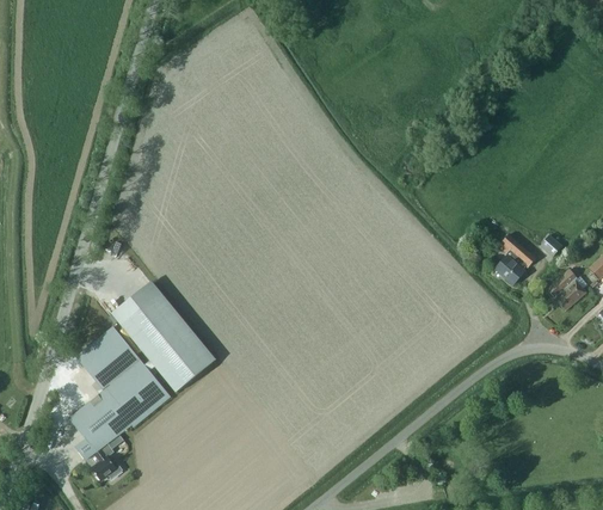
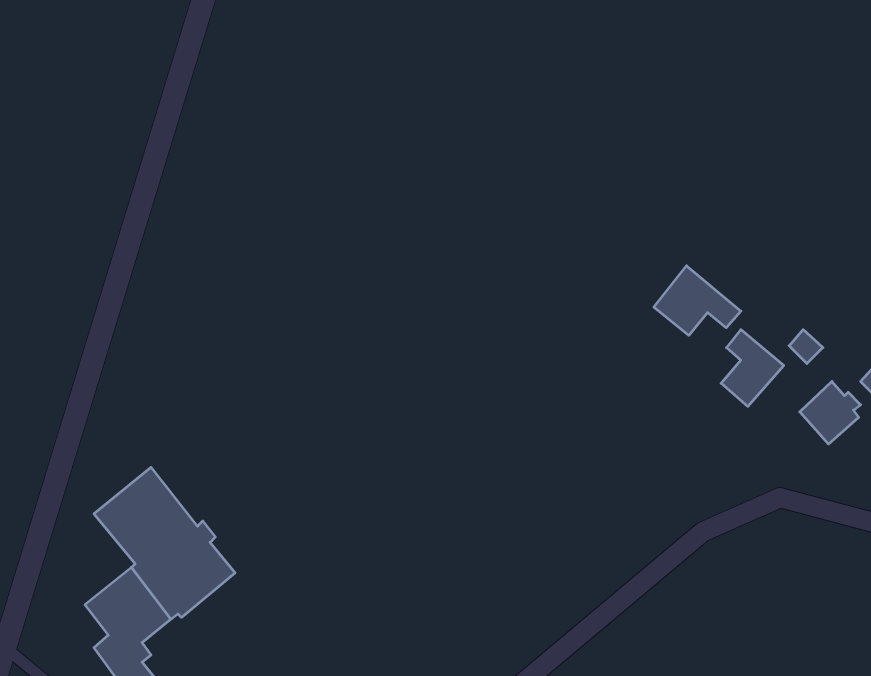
building: none -> [654,266,741,335]
building: [112,281,214,392] -> none

